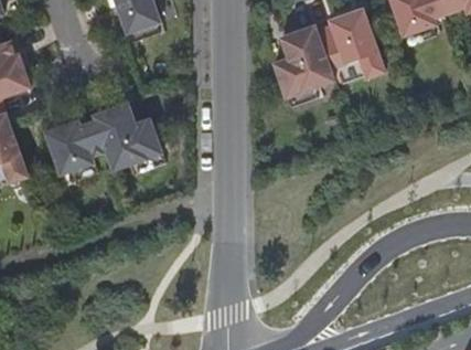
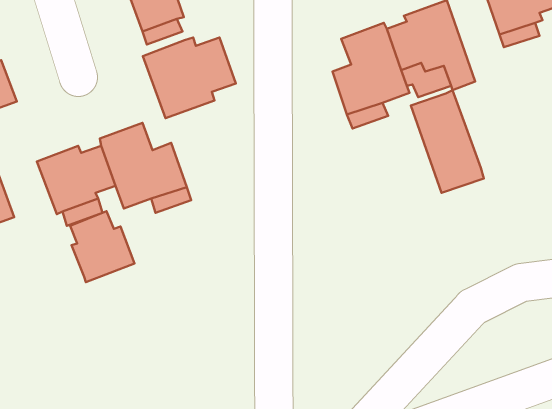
building: none -> [143,37,236,118]
building: none -> [411,90,484,193]
building: none -> [70,211,135,282]

